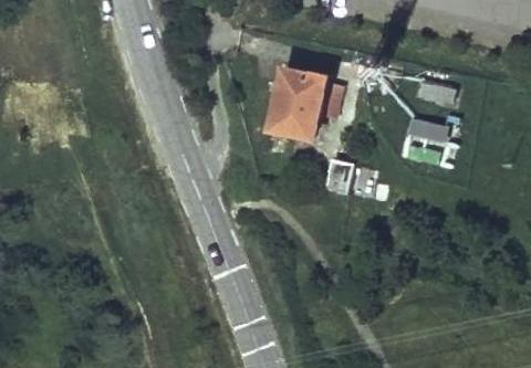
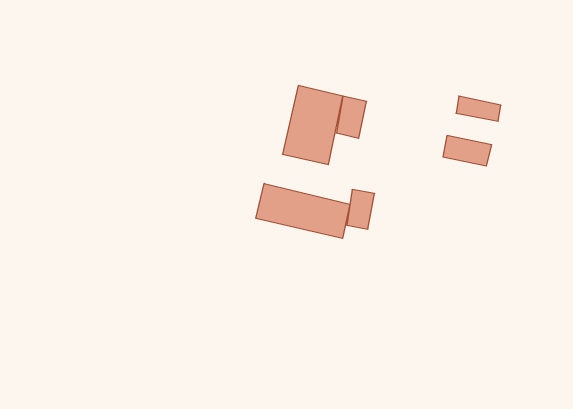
building: none -> [256,183,350,238]

